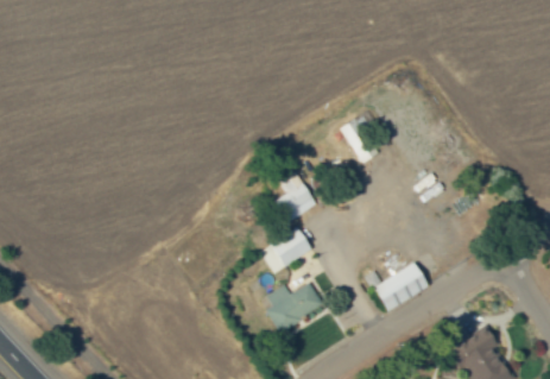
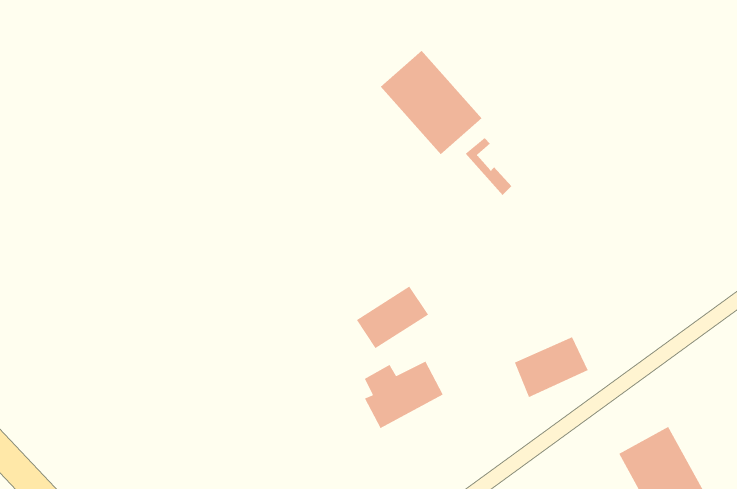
building: none -> [380,50,482,155]
building: [274,172,317,223] -> none

